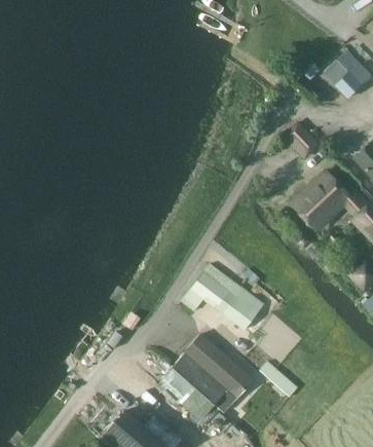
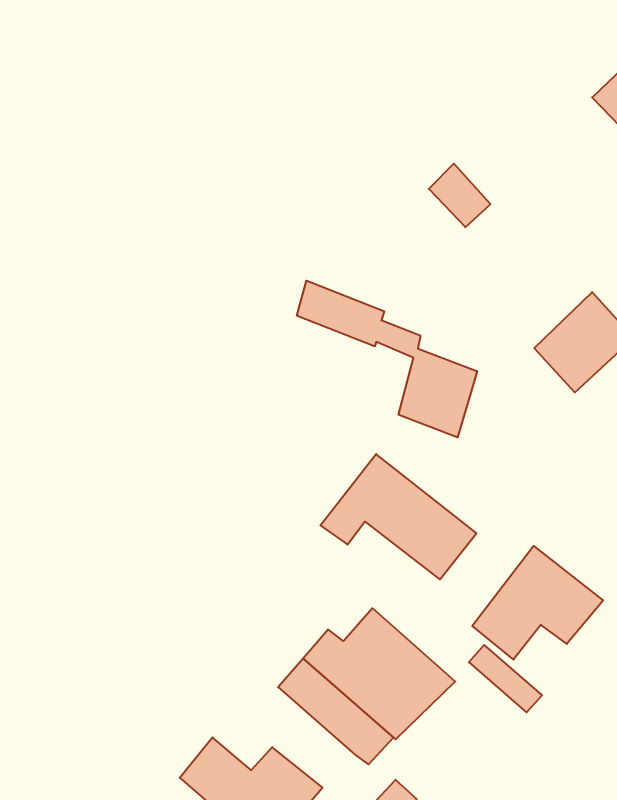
building: [285,122,318,156] -> [429,164,490,227]
building: none -> [297,281,477,437]
building: none -> [472,546,603,660]

